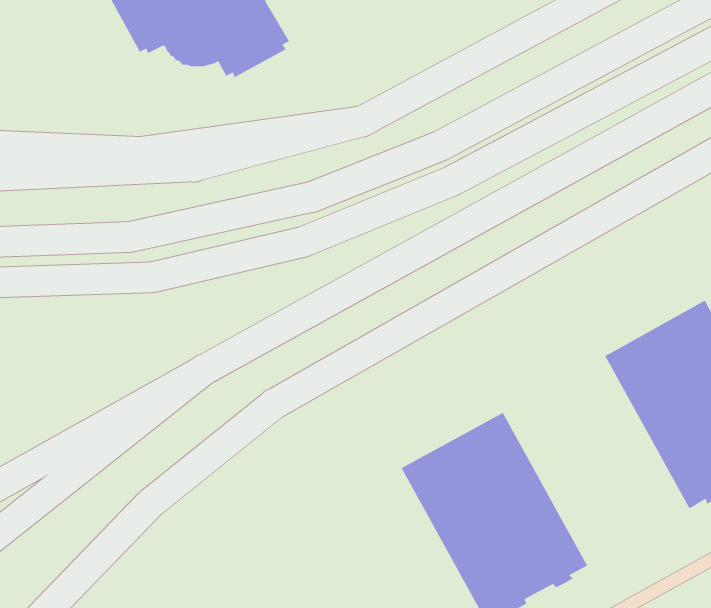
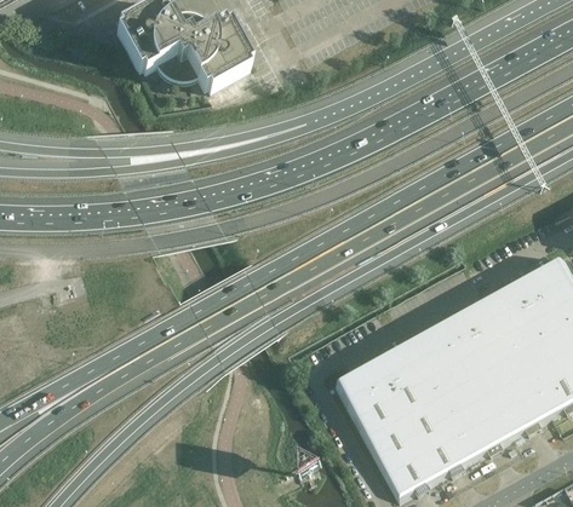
building: none -> [409,296,550,455]

